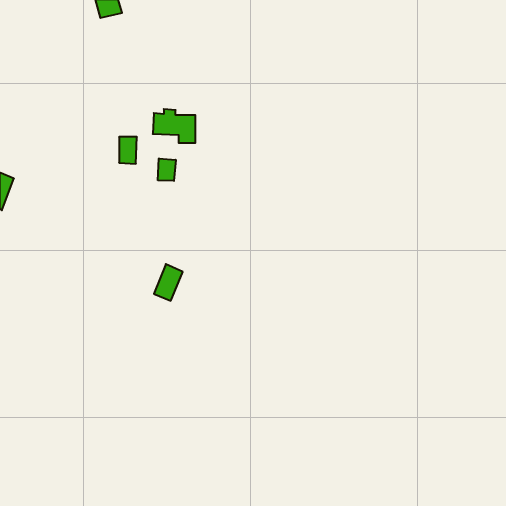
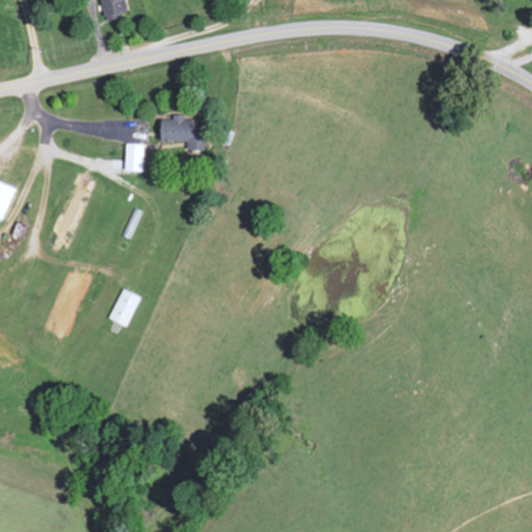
building: [158,158,176,181] -> none
building: [154,264,183,301] -> [109,288,139,326]

